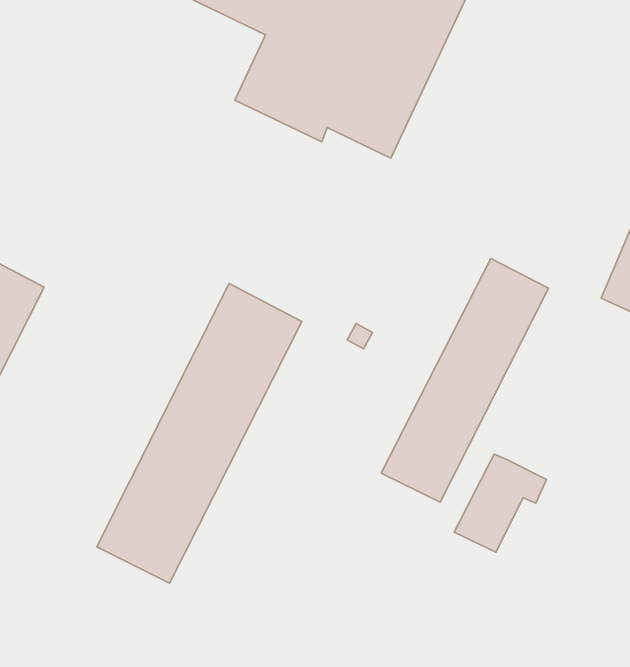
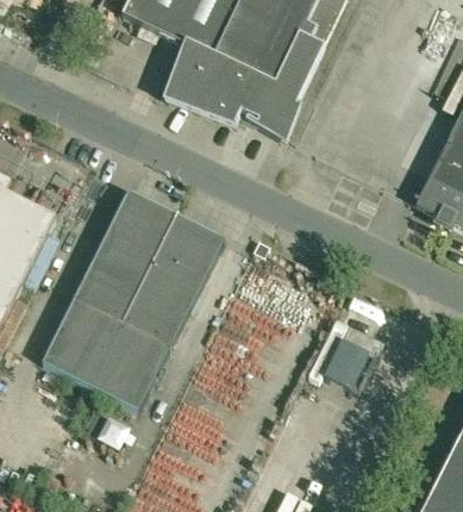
building: none -> [42,188,176,385]
building: [381,258,549,502] -> none

